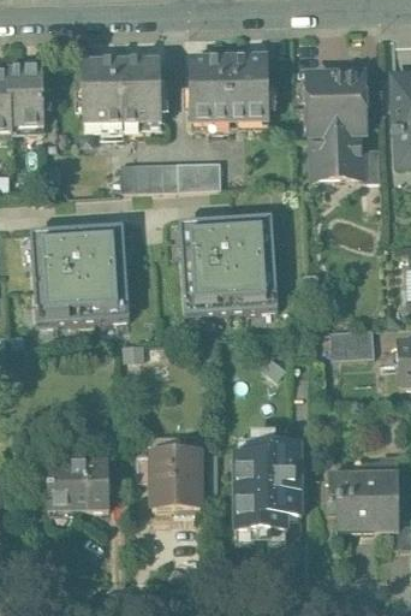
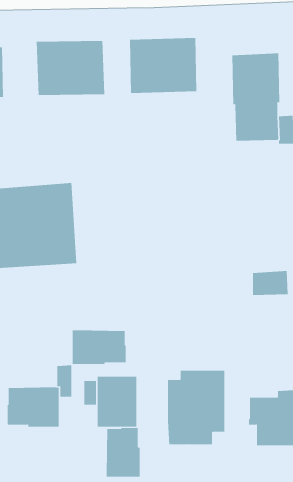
building: [119,158,221,189] -> none
building: [178,214,279,314] -> none
building: none -> [72,329,126,365]
building: none -> [106,427,140,477]

